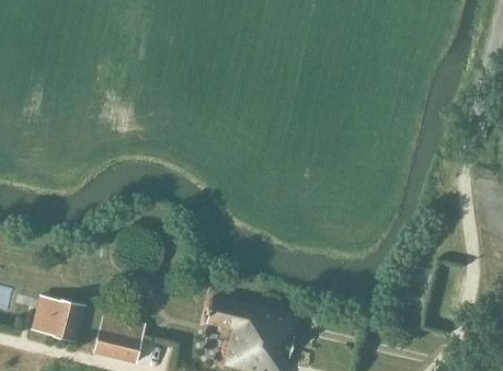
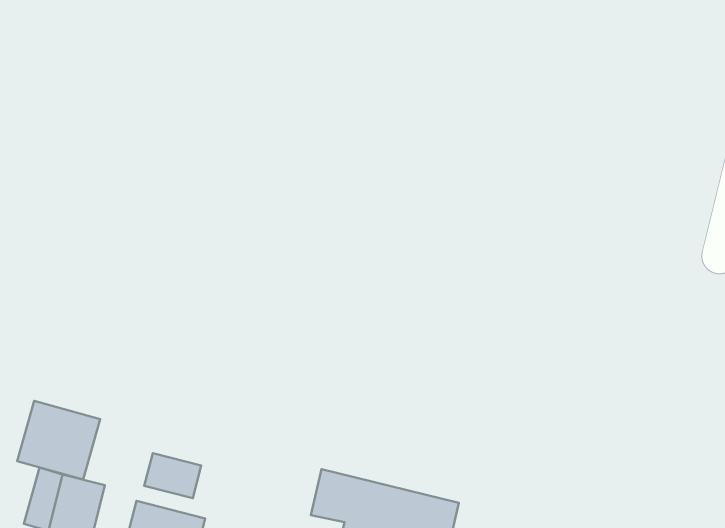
building: none -> [17,401,100,480]
building: none -> [144,453,201,498]

